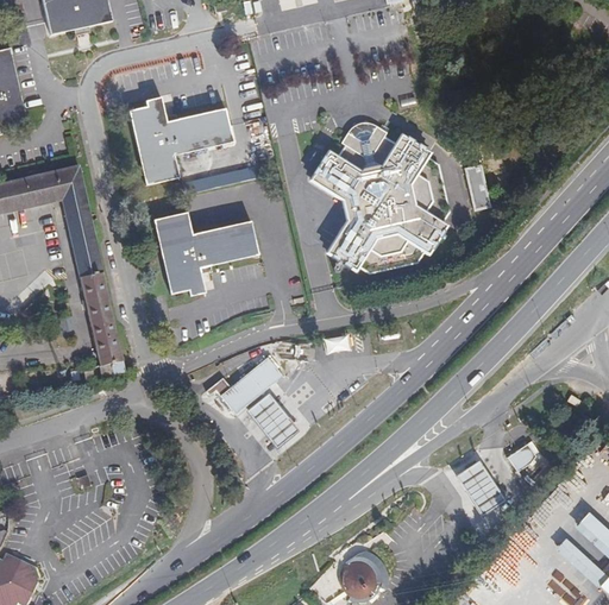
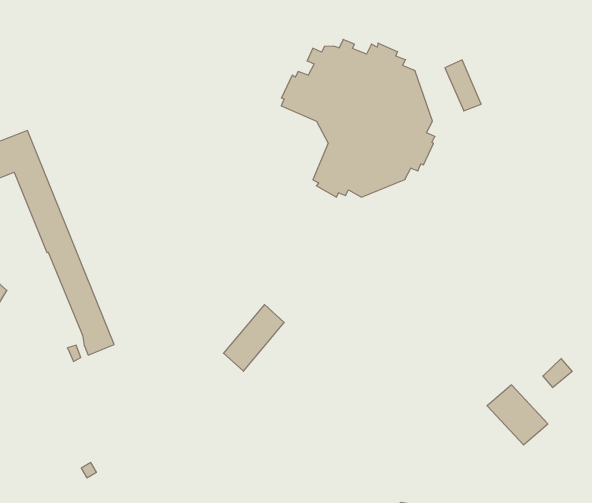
building: [128,96,233,183] -> none
building: [153,212,258,294] -> none
building: [249,391,301,446] -> none

